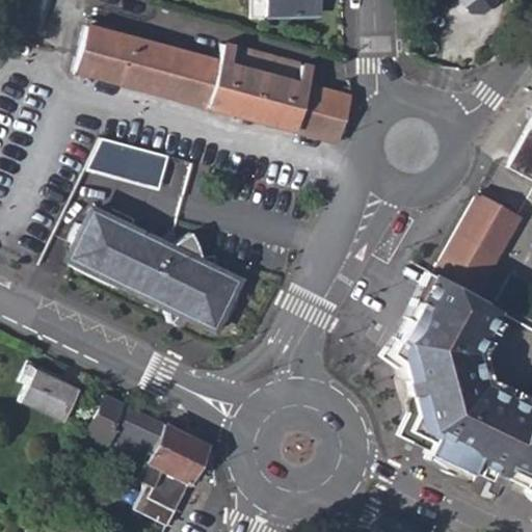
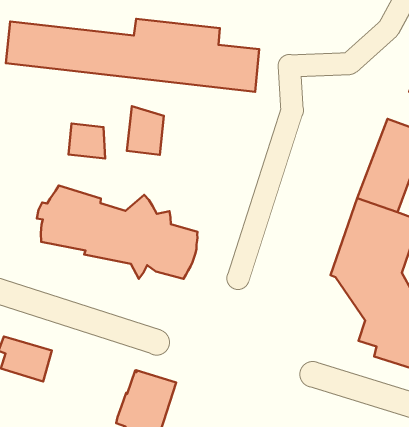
building: [90,137,137,180] -> none
building: none -> [127,106,164,155]
building: [87,395,166,461] -> none

